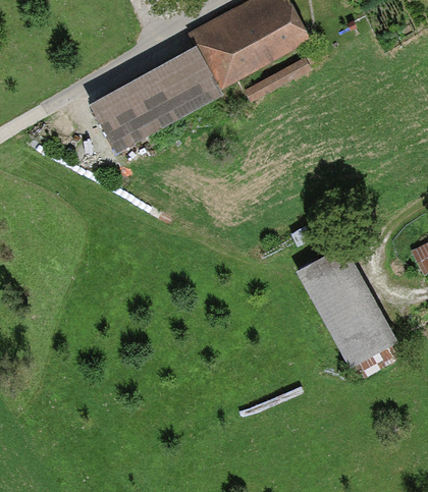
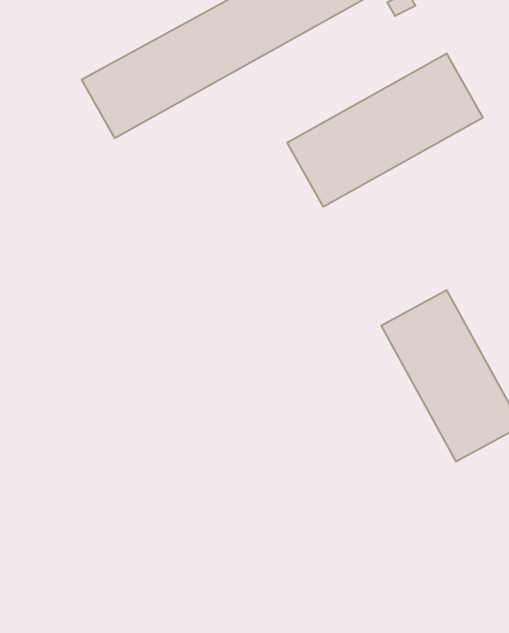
building: none -> [287,53,483,207]

